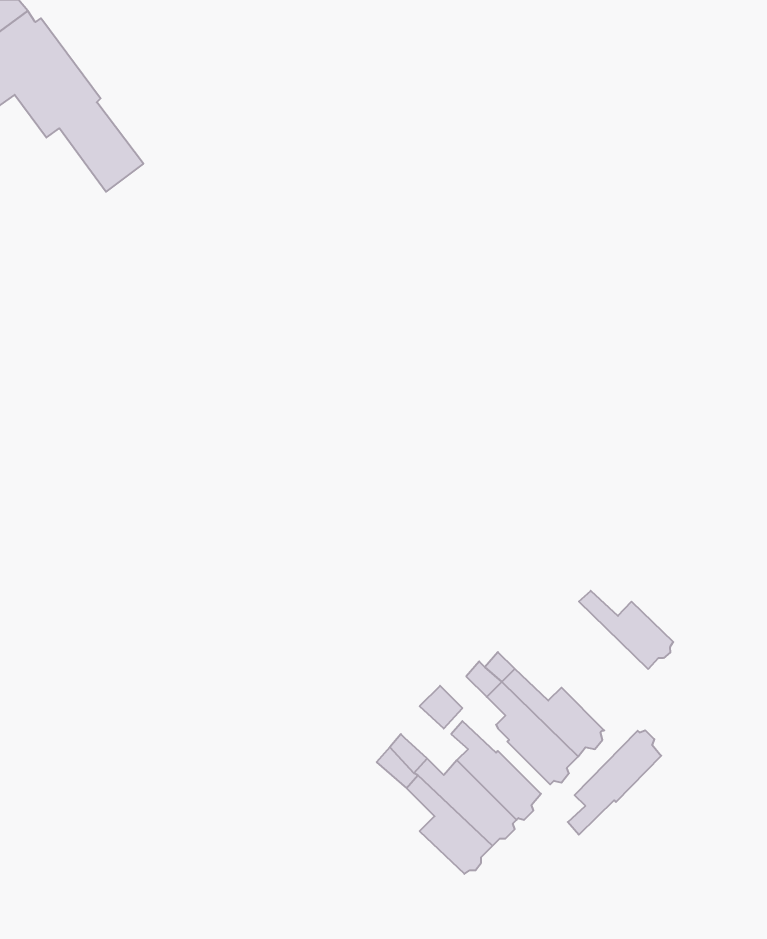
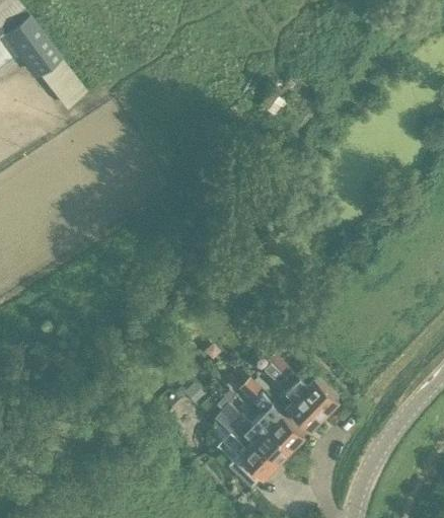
building: [579,591,673,669] -> none
building: [568,730,661,835] -> none

